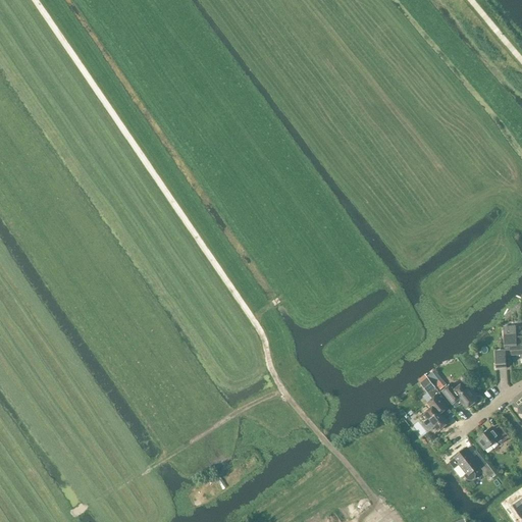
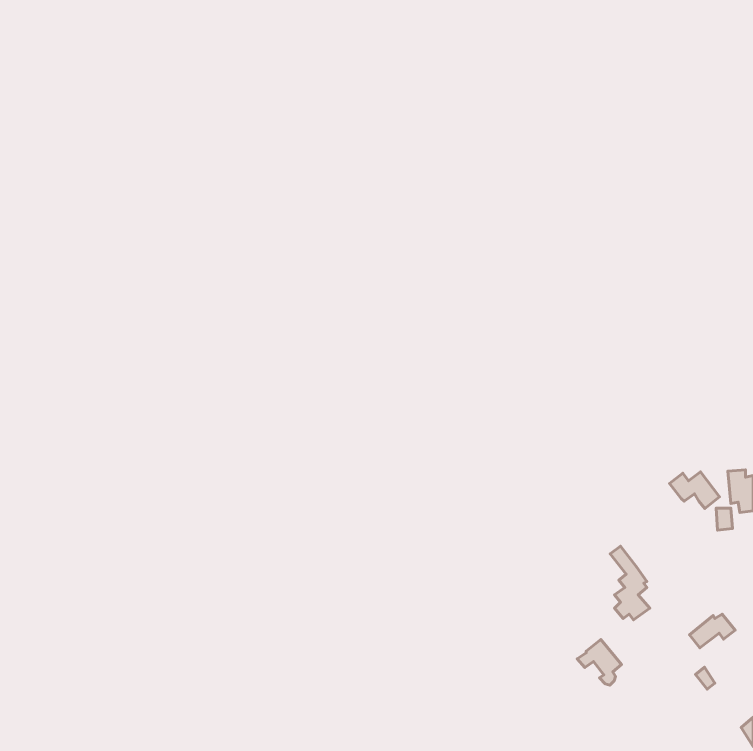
building: [442,382,477,408] -> [669,472,720,509]
building: [450,448,480,479] -> [577,640,622,685]

